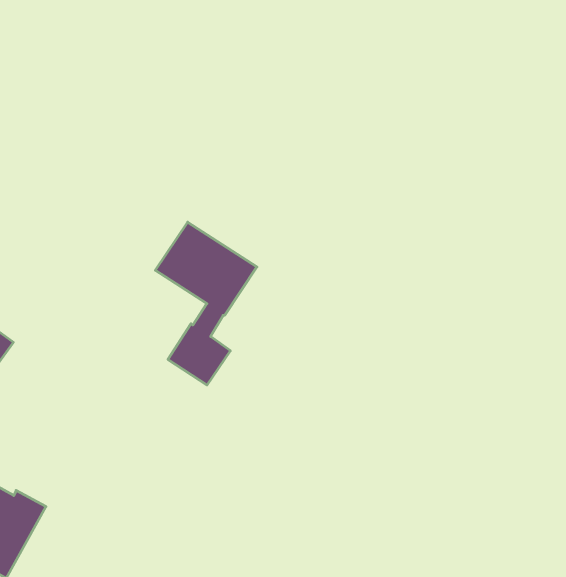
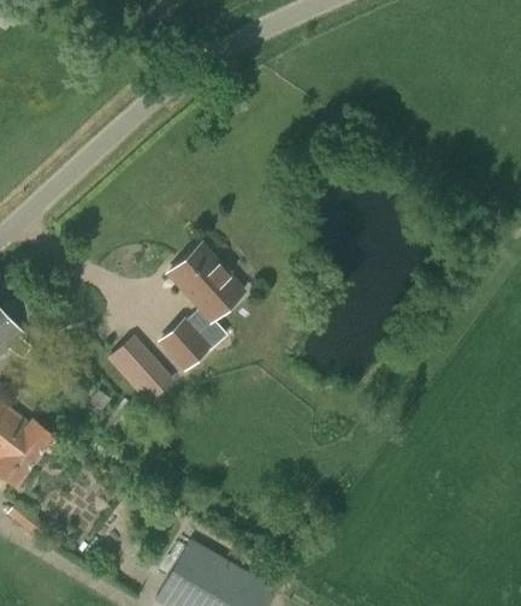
building: none -> [108,334,176,403]

